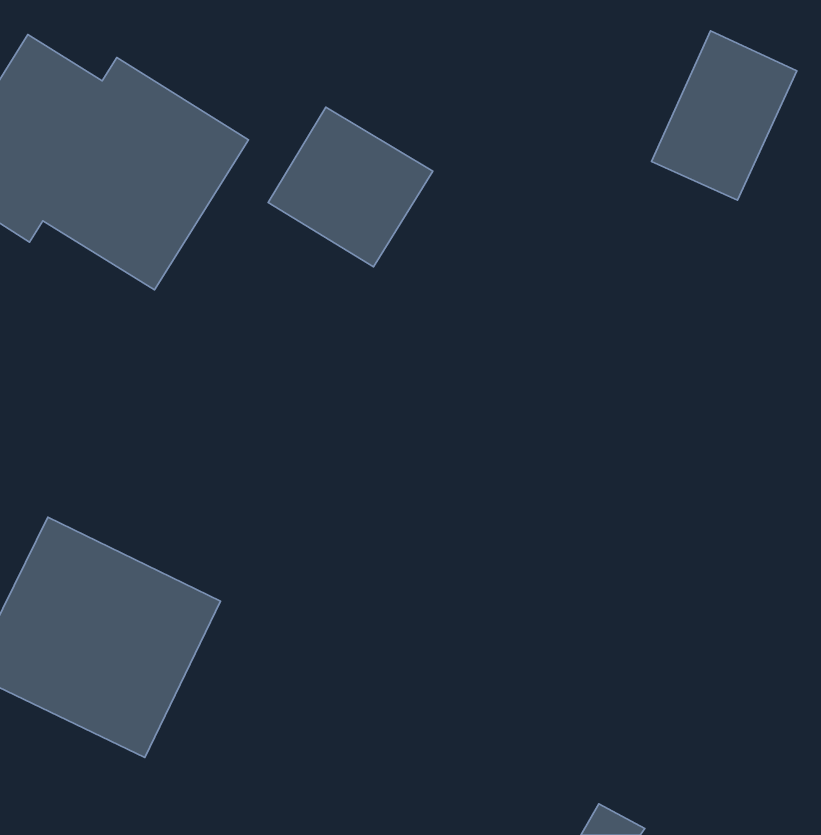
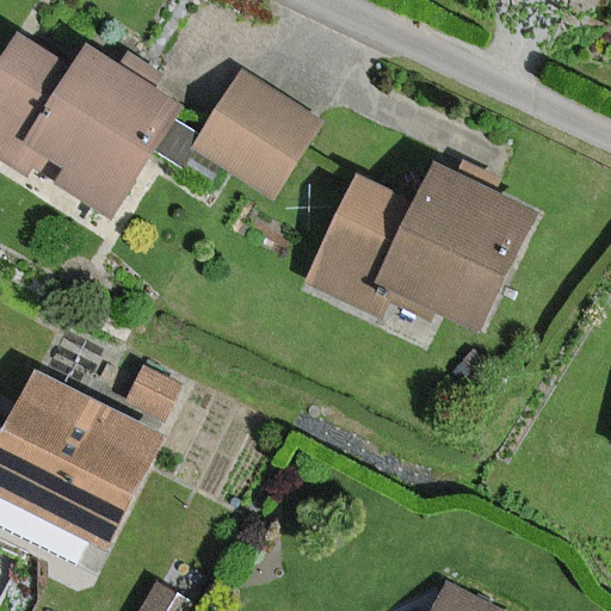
building: [652,31,797,200] -> none
building: none -> [304,163,536,328]

